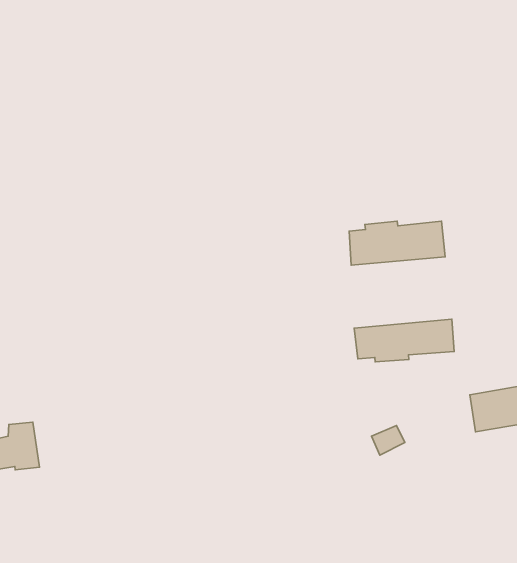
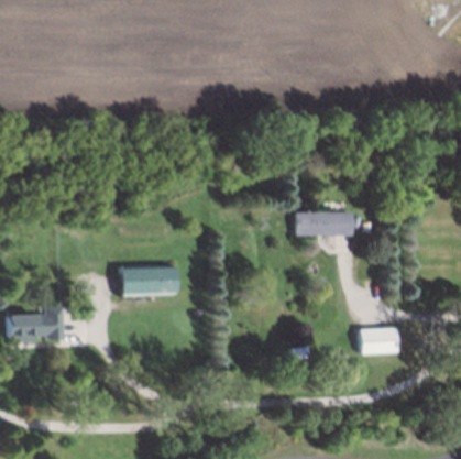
building: [354,319,454,362] -> none
building: none -> [121,270,177,300]

